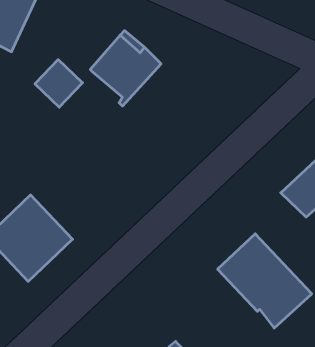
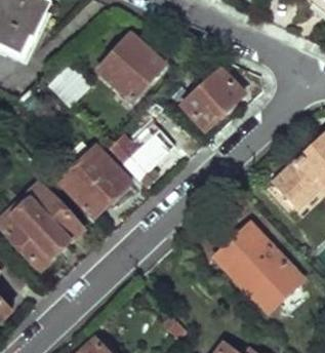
building: none -> [185,70,245,127]
building: none -> [106,128,175,184]
building: none -> [60,146,130,217]

